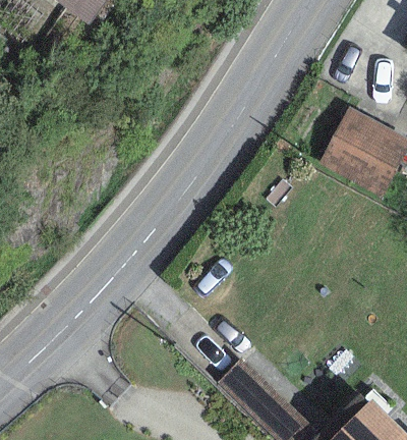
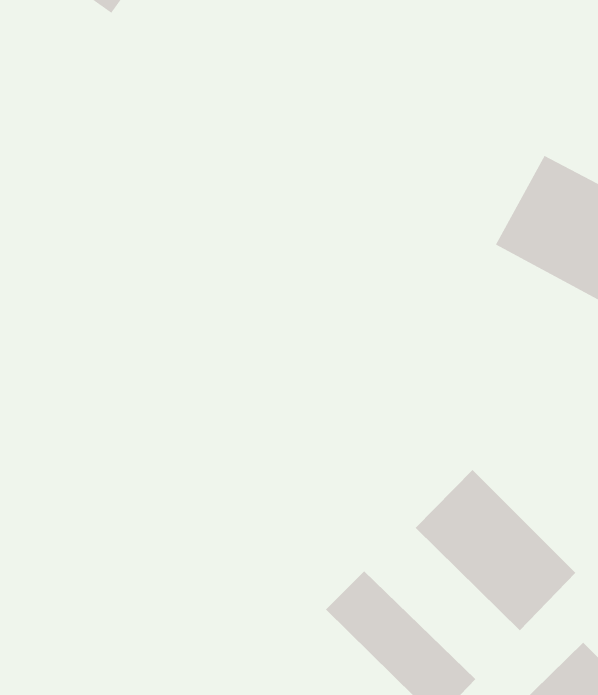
building: none -> [415,469,576,631]

